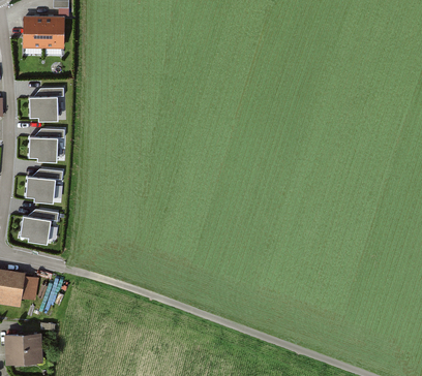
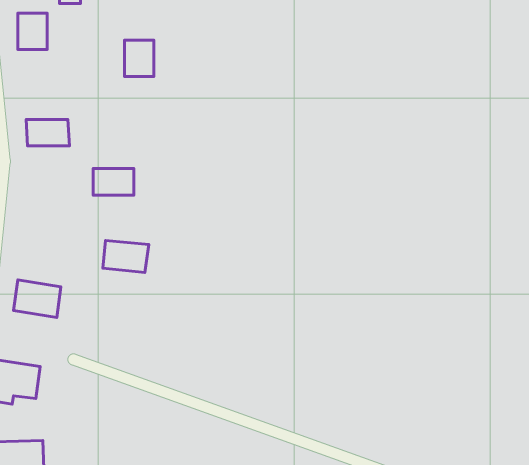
building: [43,18,65,44] -> [124,40,154,76]
building: [29,136,59,156] -> [93,169,134,195]
building: [25,176,59,199] -> [103,240,149,272]

